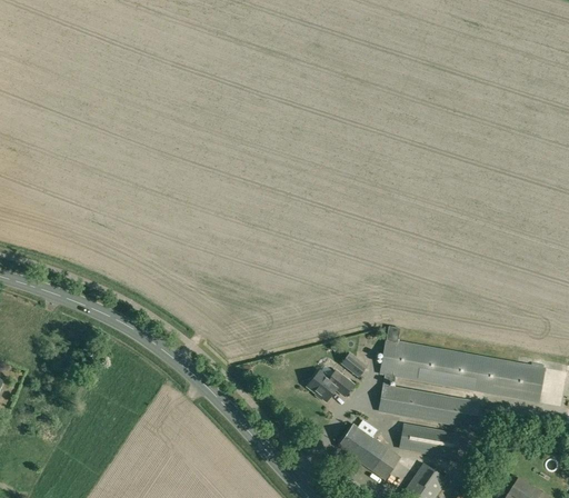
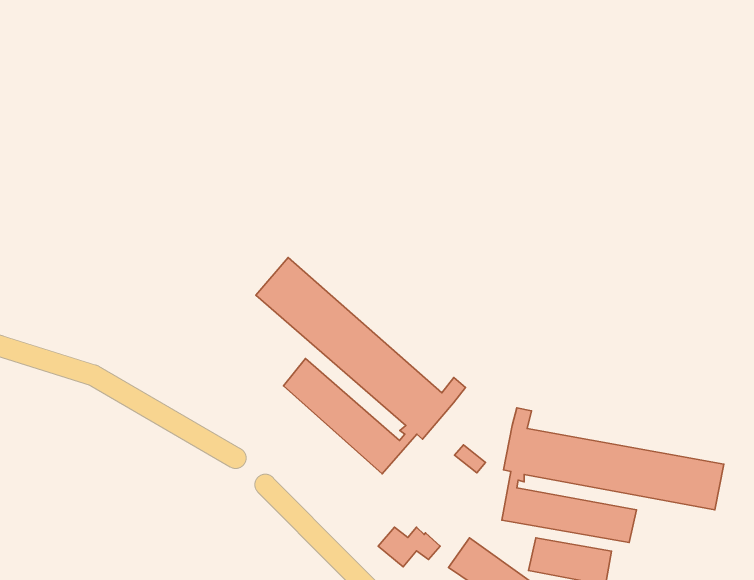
building: none -> [256,258,465,474]
building: [307,370,353,400] -> [378,527,440,567]

